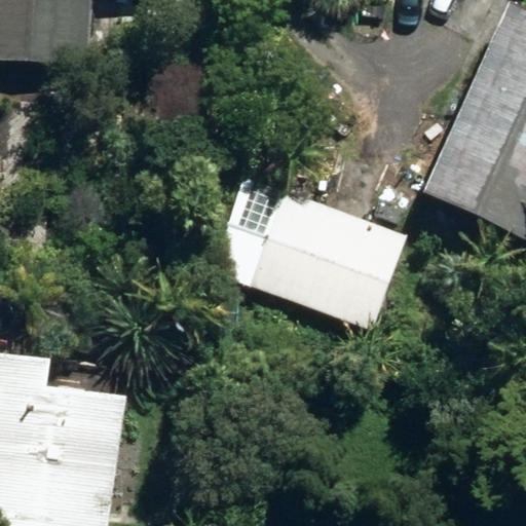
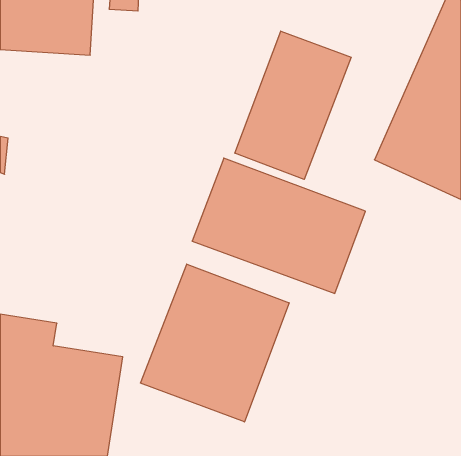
building: none -> [235,31,351,179]
building: none -> [141,264,289,422]

